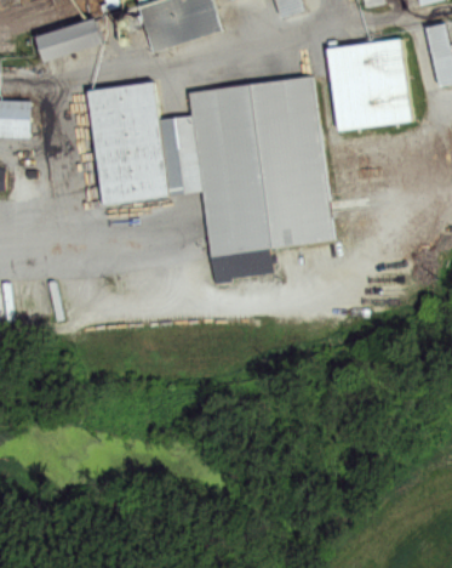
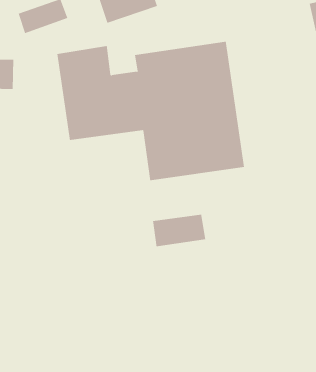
building: [328,38,412,135] -> none
building: none -> [152,214,206,247]

